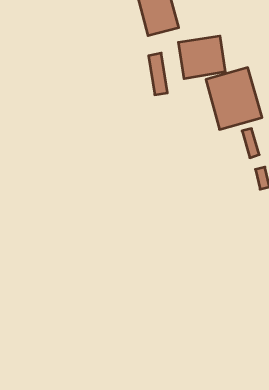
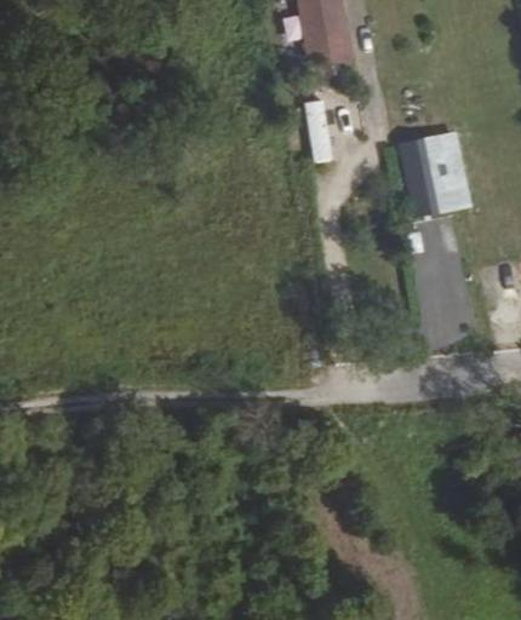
building: [178,36,225,79] -> none

